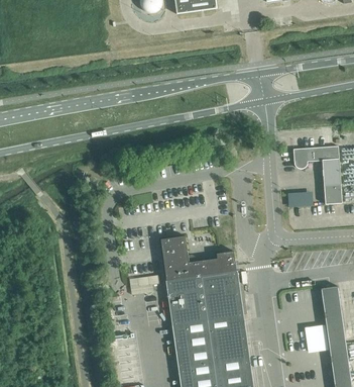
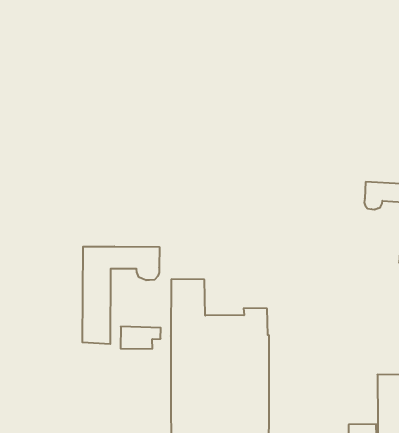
building: [287,191,314,207] -> none
building: none -> [82,246,159,344]

